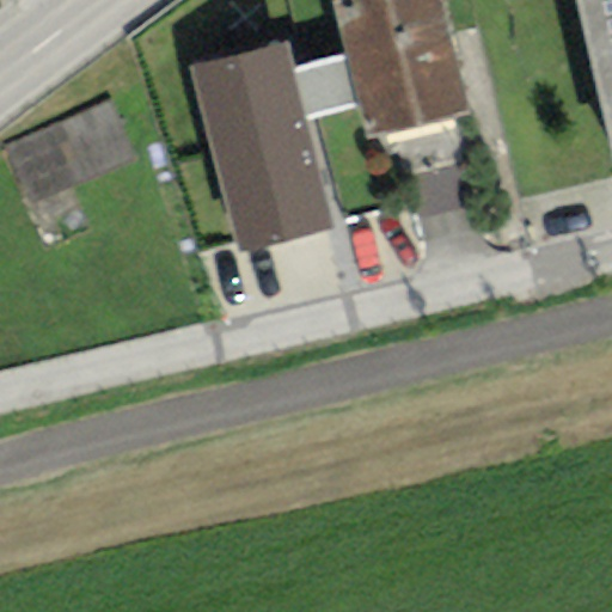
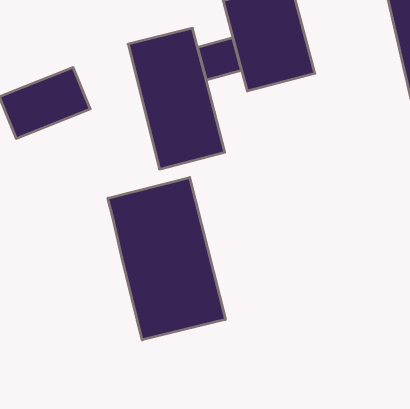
building: none -> [108,177,225,340]

